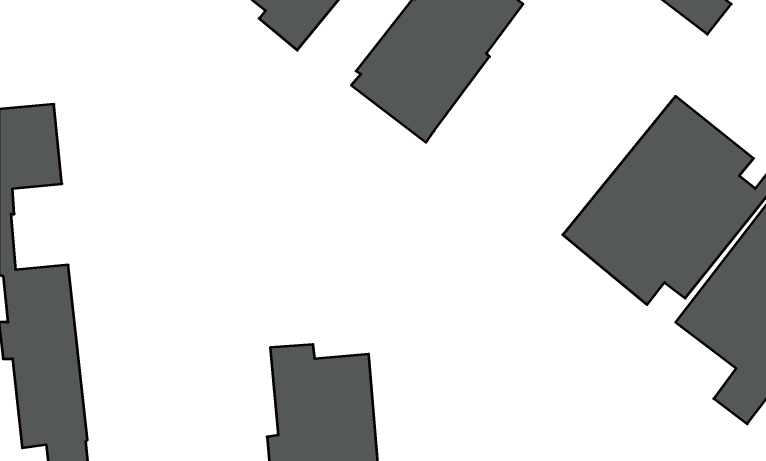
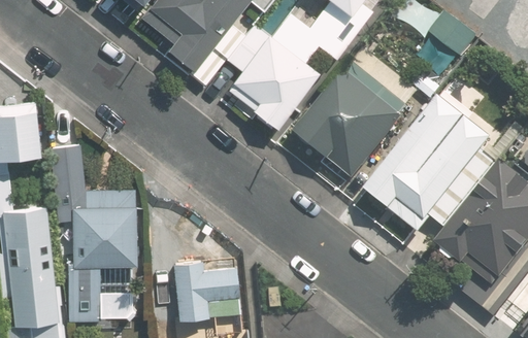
building: none -> [293,48,417,180]
building: none -> [50,141,135,316]

